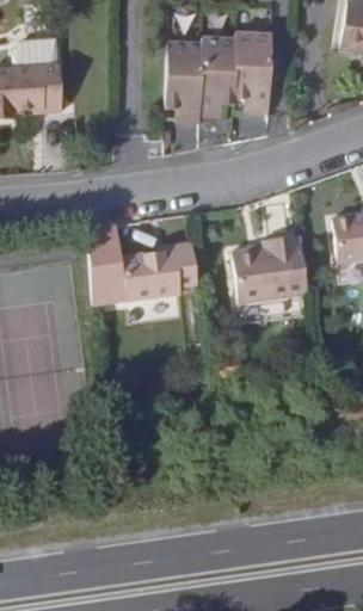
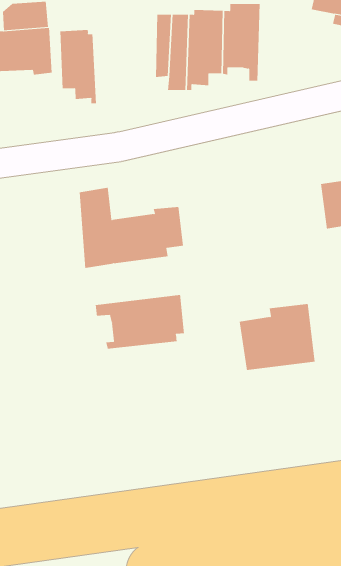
building: none -> [60,29,97,104]
building: [229,234,306,301] -> [239,303,316,370]
building: none -> [95,294,184,349]

